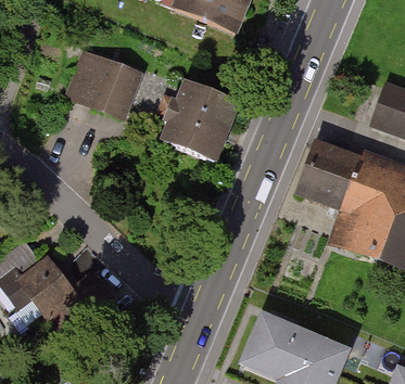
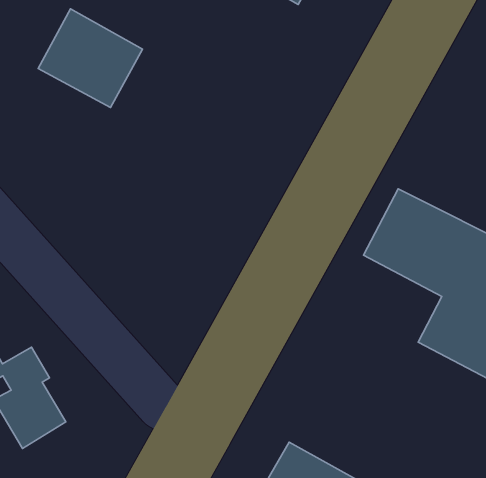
building: [163,82,237,159] -> none

